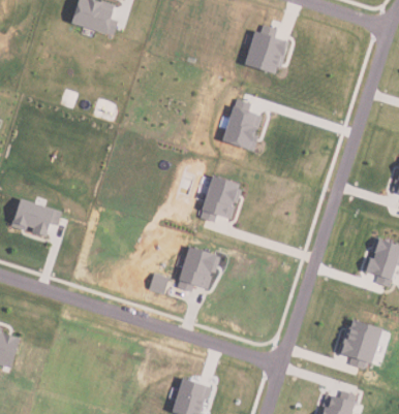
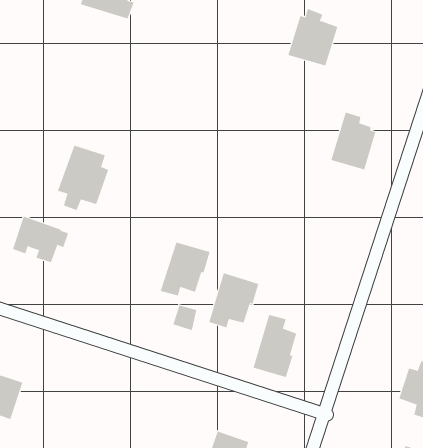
building: [221,100,259,149] -> [330,112,376,170]
building: none -> [57,145,109,211]
building: [201,176,243,221] -> [160,242,210,296]
building: none -> [253,314,297,378]

